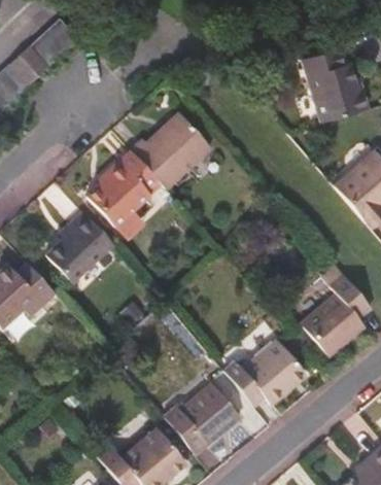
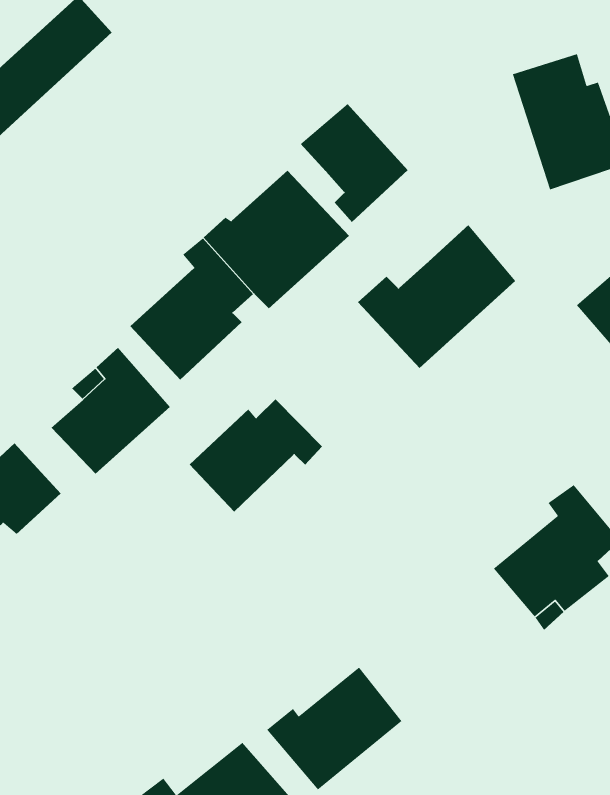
building: none -> [300,103,409,223]
building: none -> [357,224,516,369]
building: none -> [189,399,323,512]
building: [223,339,305,405] -> none

